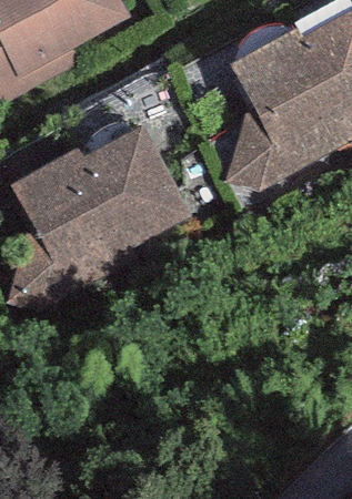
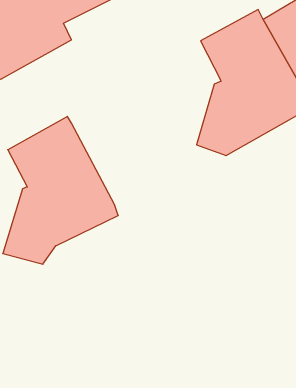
building: [82,122,191,246] -> none

